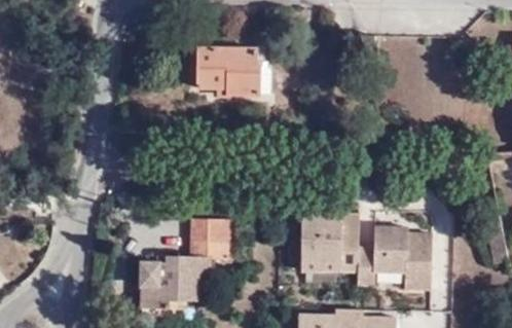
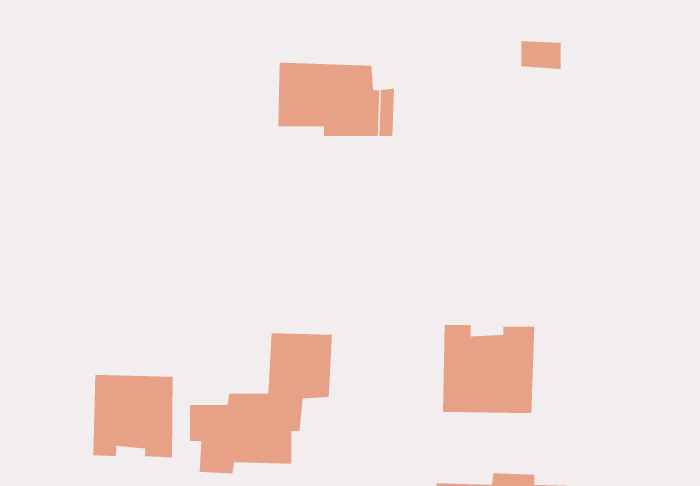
building: [357,225,431,287] -> none
building: none -> [92,374,174,458]

